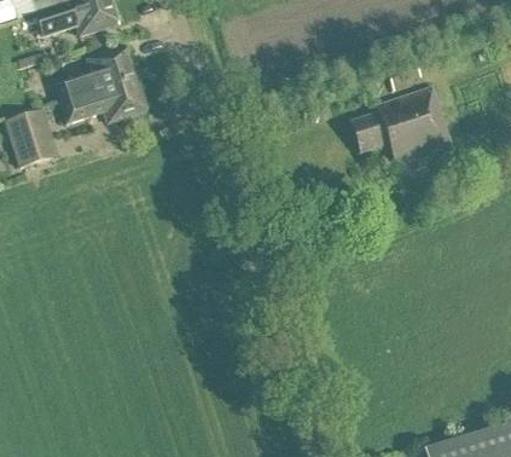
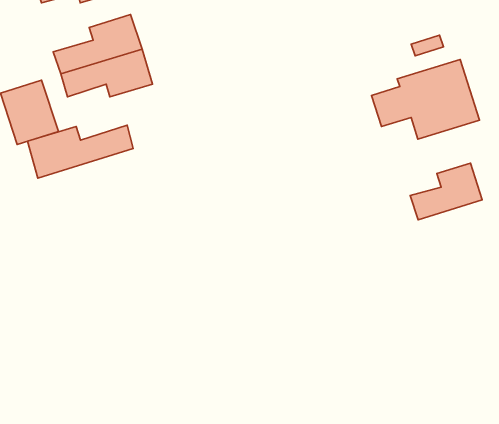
building: none -> [27,125,133,178]
building: none -> [410,163,482,220]

